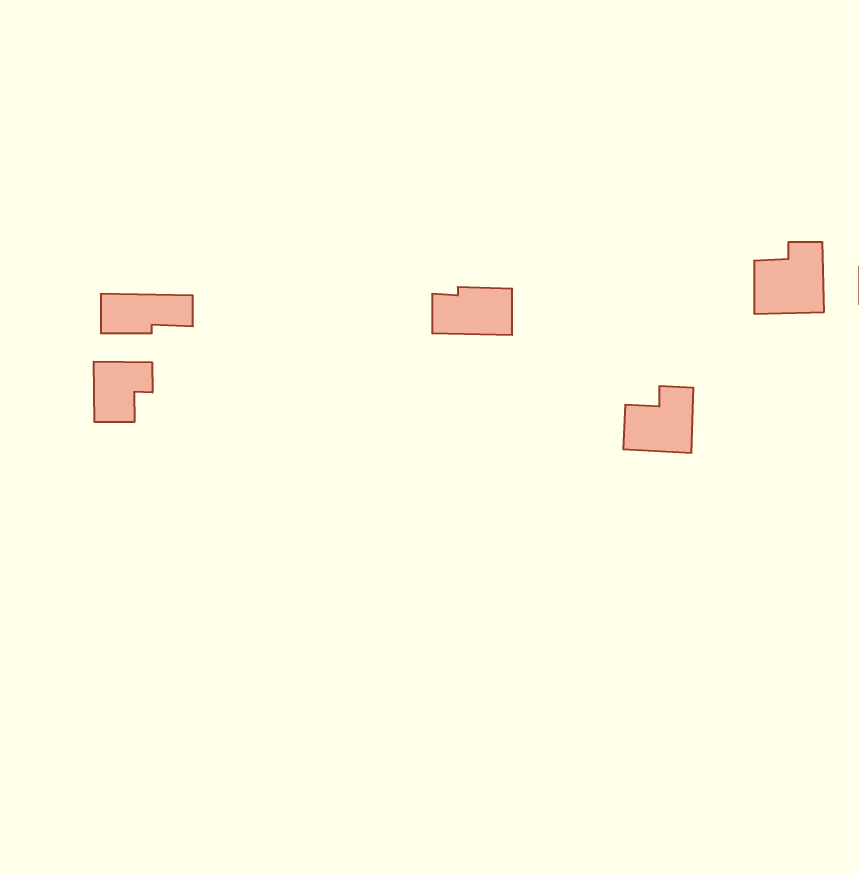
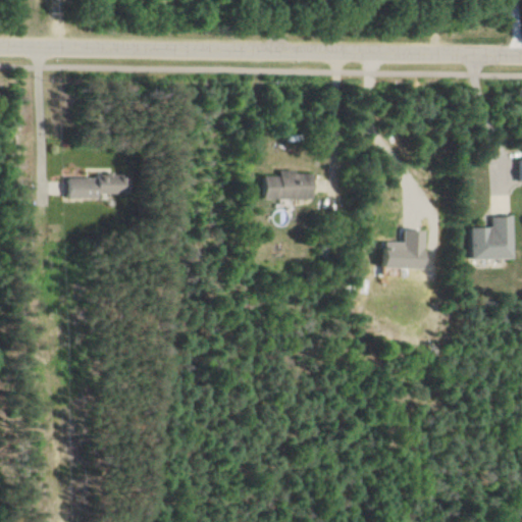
building: [754,242,824,314] -> [473,217,515,260]
building: [94,362,152,422] -> none

